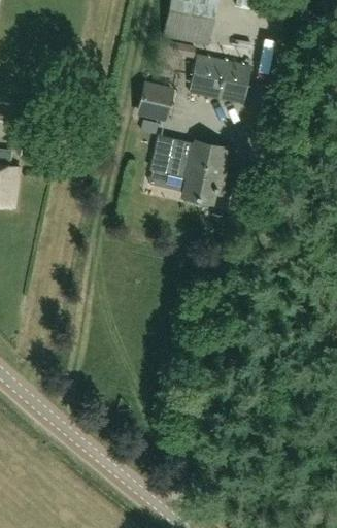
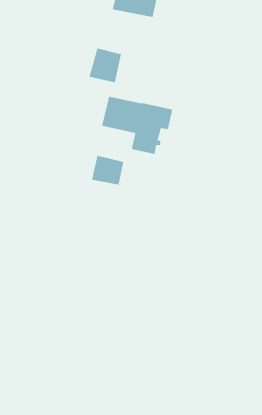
building: [190,56,249,102] -> none
building: none -> [91,155,124,186]

